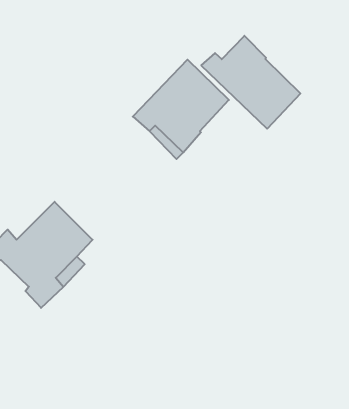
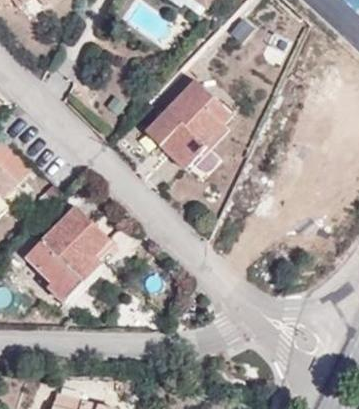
building: [201,36,300,129] -> none

